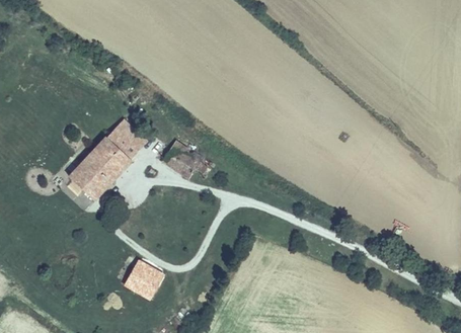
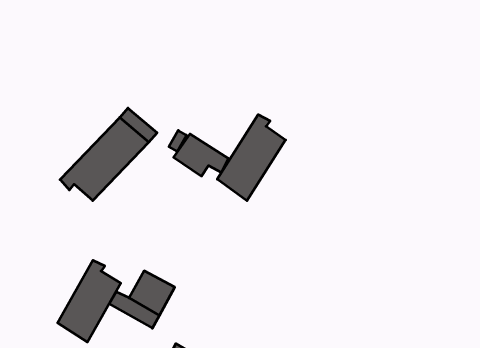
building: none -> [217,115,286,201]
building: none -> [58,260,121,342]

